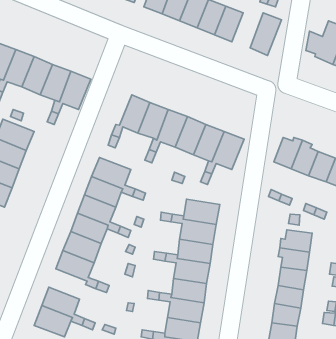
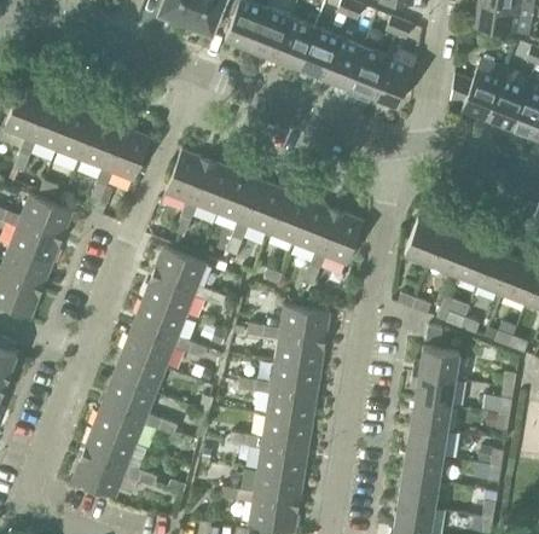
building: none -> [347,48,387,97]
building: none -> [164,152,208,204]
building: none -> [93,404,146,446]

